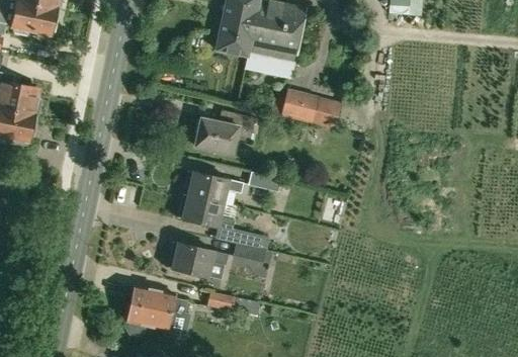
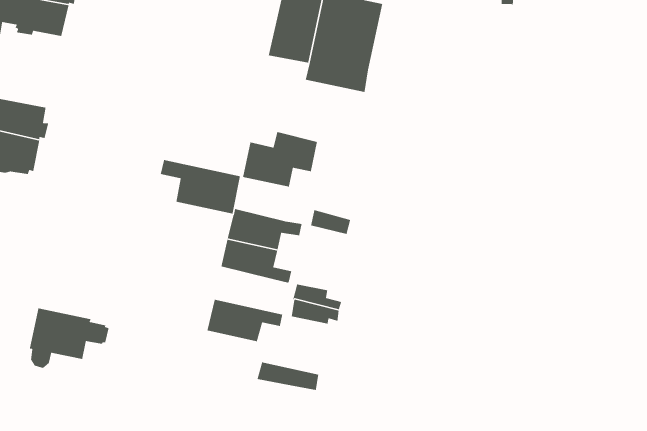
building: [281,89,340,128] -> none
building: none -> [160,159,241,214]
building: [125,286,189,335] -> [29,307,110,369]

